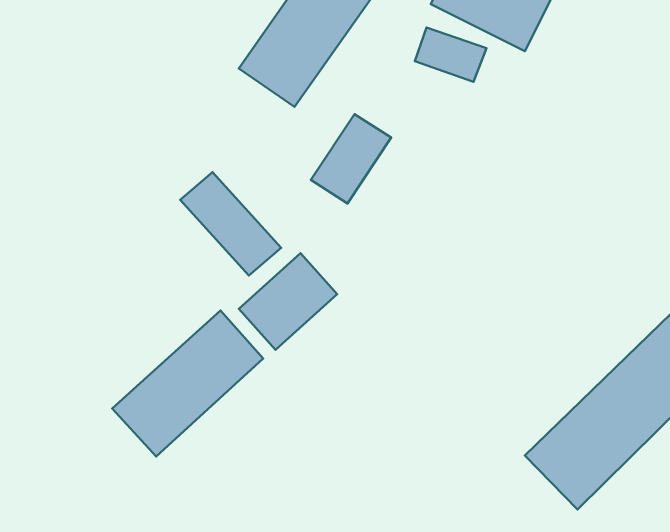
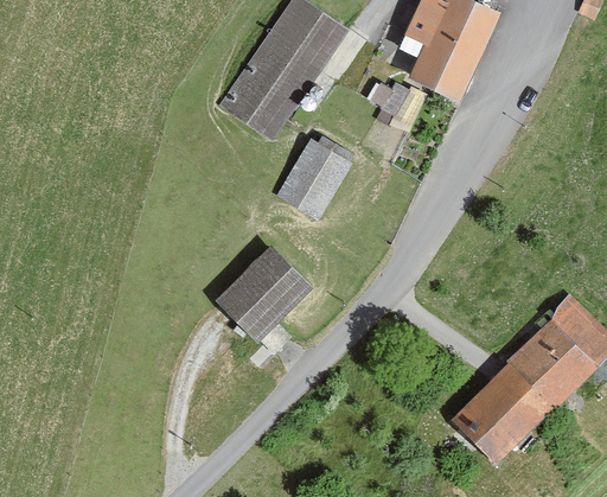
building: [180,172,281,276] -> none
building: [112,311,263,456] -> none

